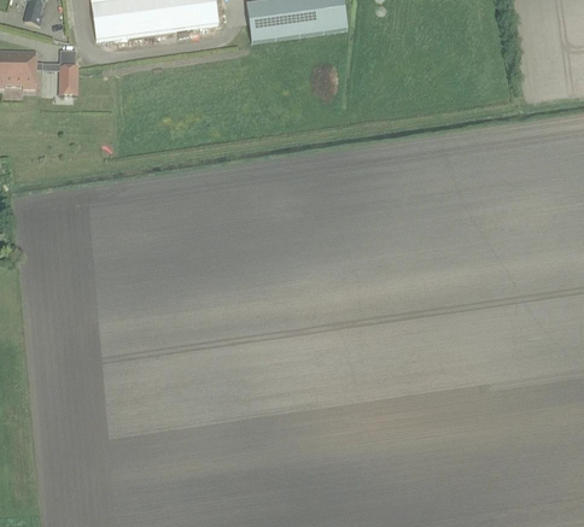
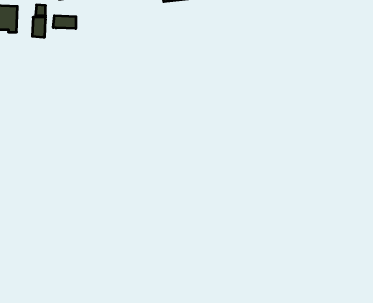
building: none -> [53,16,76,29]

